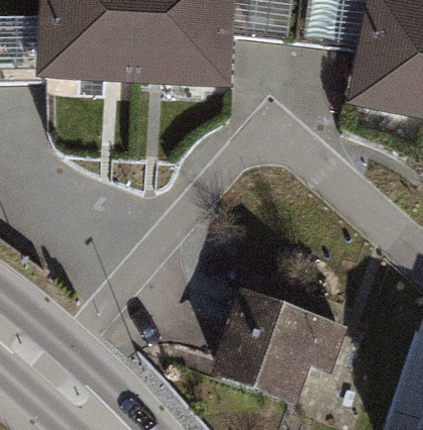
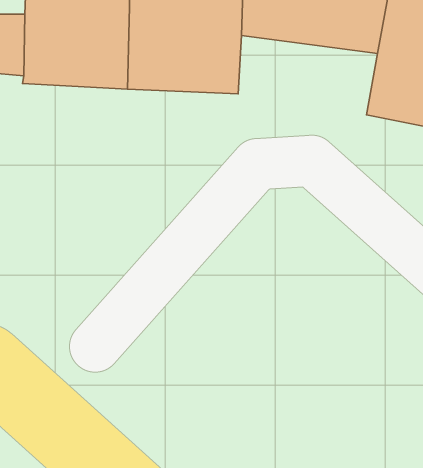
building: [202,286,347,408] -> none

